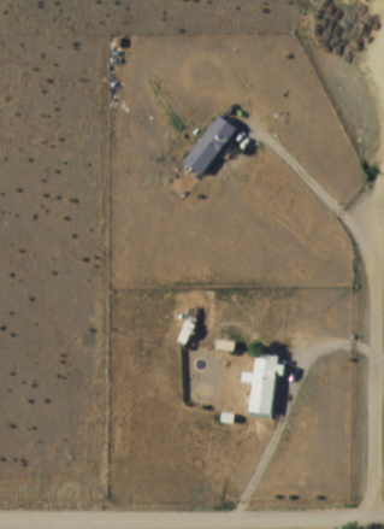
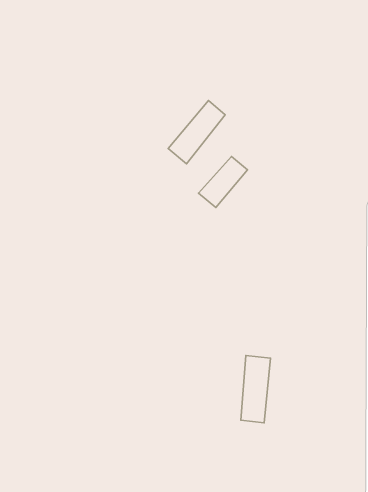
building: none -> [198,156,247,207]

